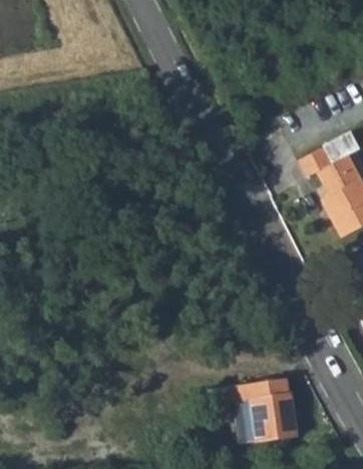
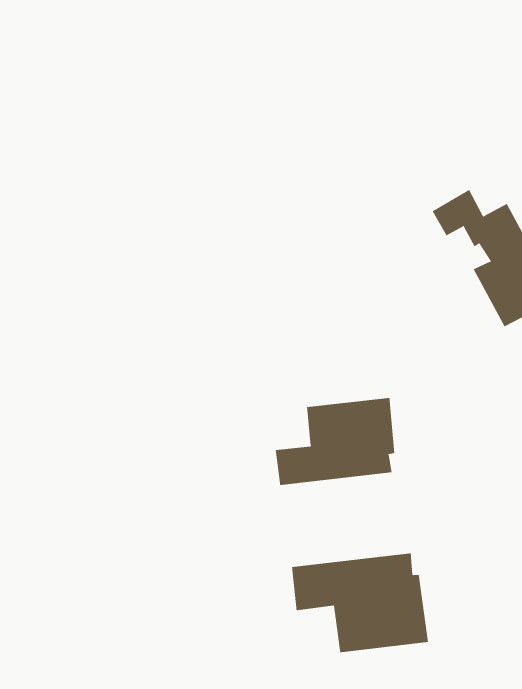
building: none -> [275,397,395,486]

